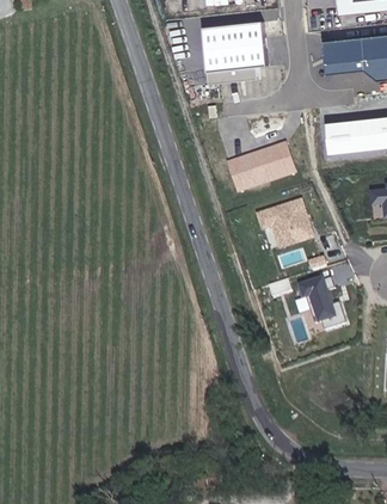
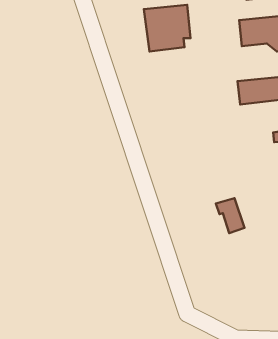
building: [226,141,295,191] -> none
building: [254,198,313,248] -> none

